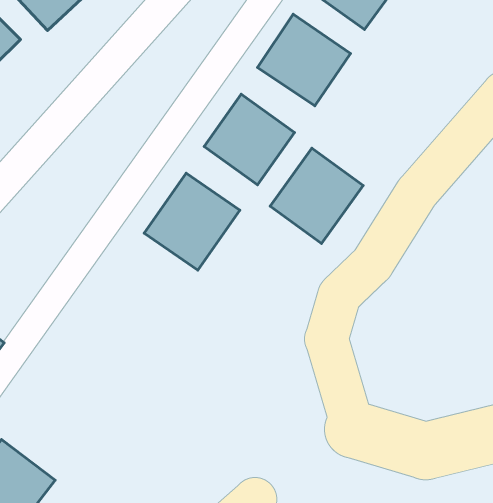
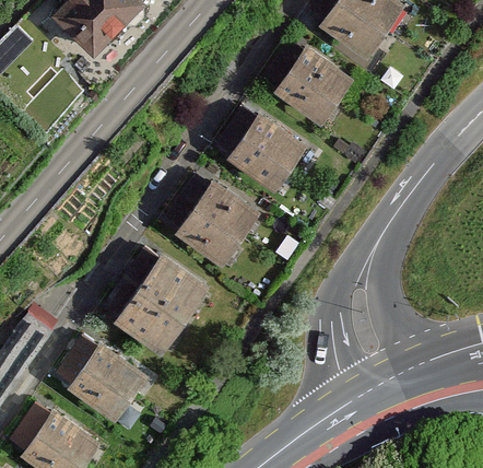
building: [270,148,363,243] -> none
building: none -> [111,251,205,351]
building: none -> [66,341,148,420]

